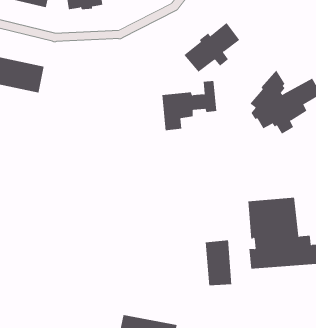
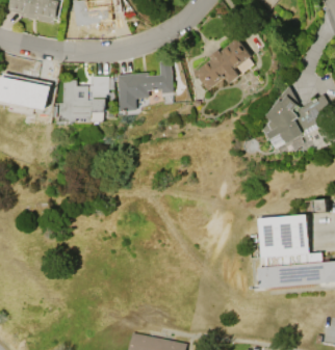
building: none -> [60,76,113,123]
building: [162,80,217,131] -> [118,61,174,112]
building: [205,239,232,286] -> none

